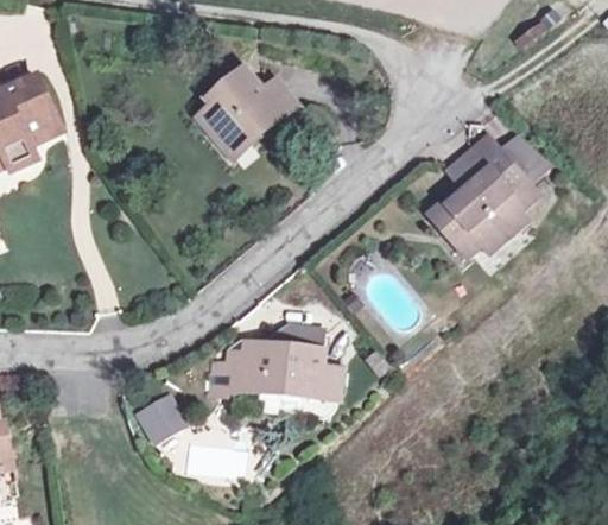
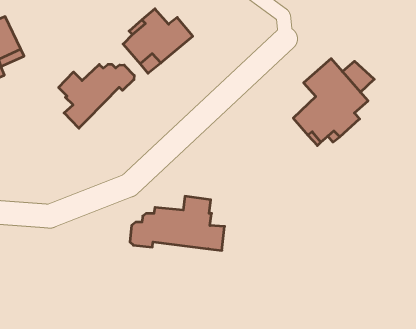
building: none -> [59,64,134,128]
building: [128,390,183,442] -> none

